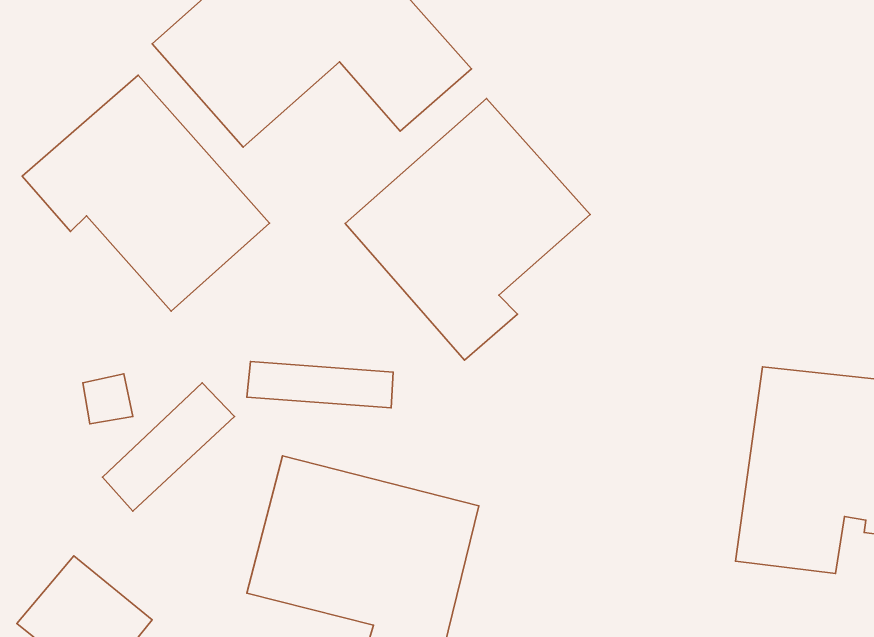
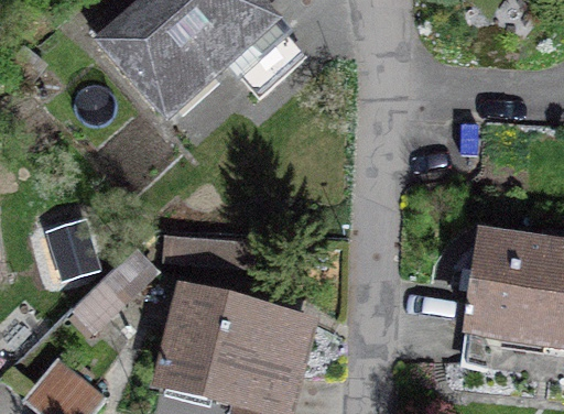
building: [22,75,269,311] -> none
building: [345,99,590,360] -> none

